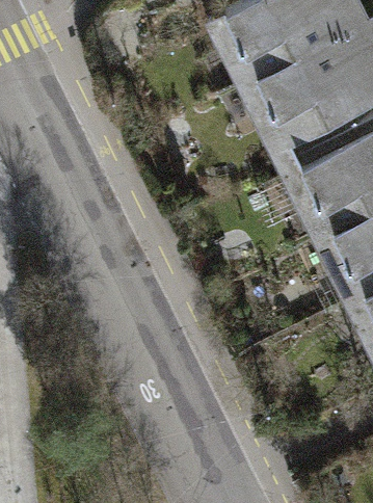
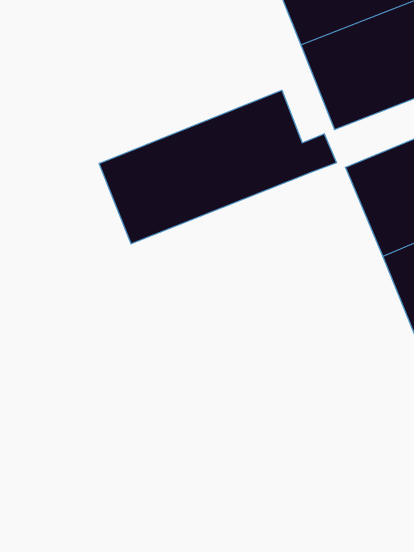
building: none -> [99,90,337,244]

